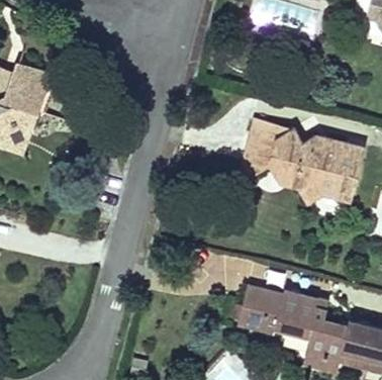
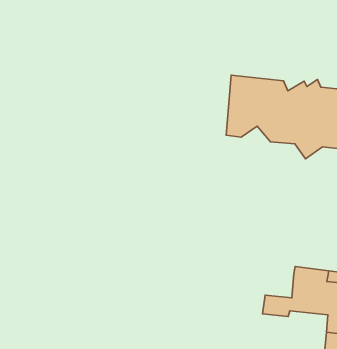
building: [243,290,287,330] -> none

